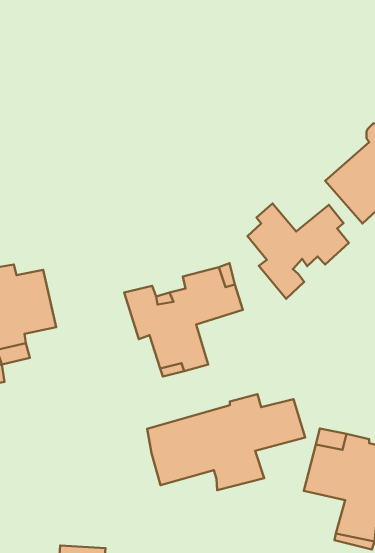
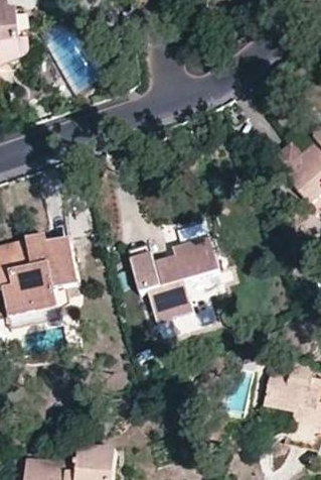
building: [247,203,349,299] -> none
building: [147,394,305,490] -> none

